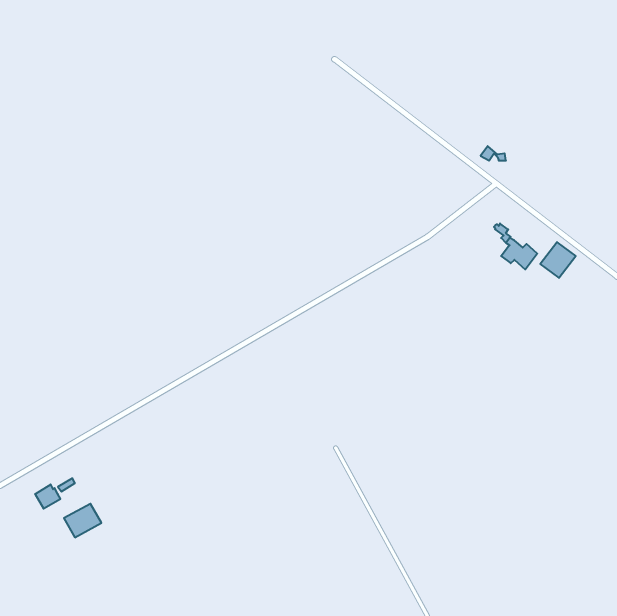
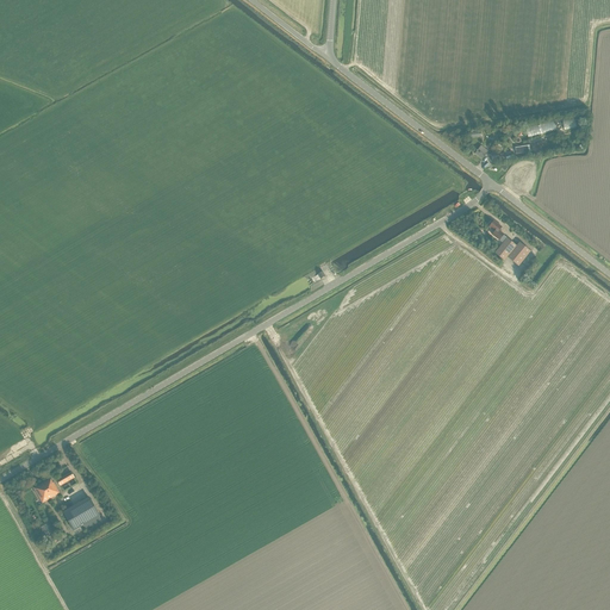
building: [540,242,576,278] -> none

